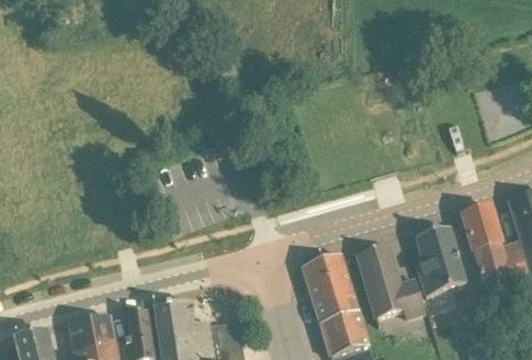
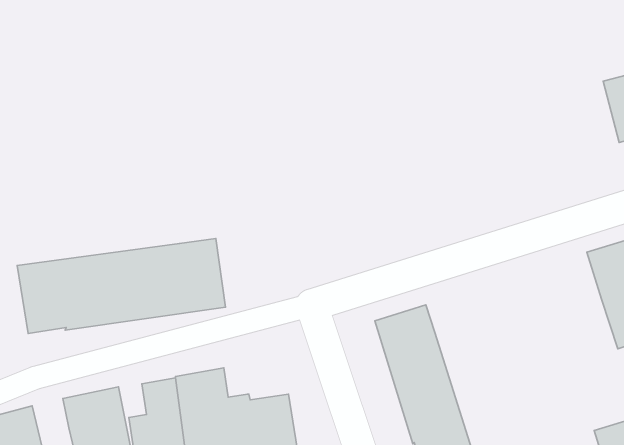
building: none -> [17,239,225,333]
building: [416,226,466,294] -> none
building: [358,244,426,317] -> none

